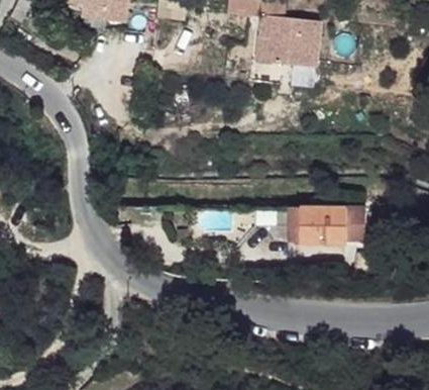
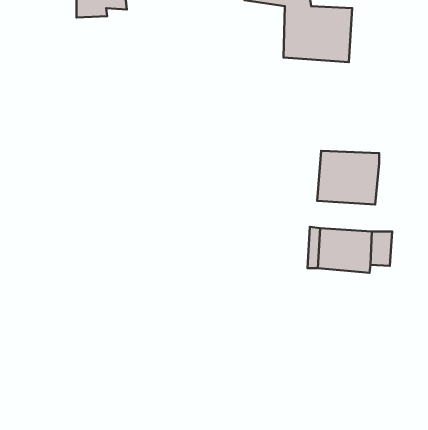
building: none -> [317,151,379,205]

